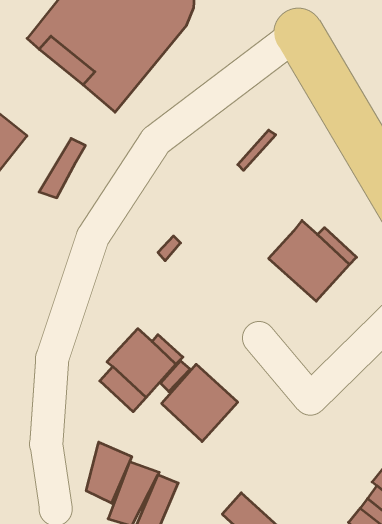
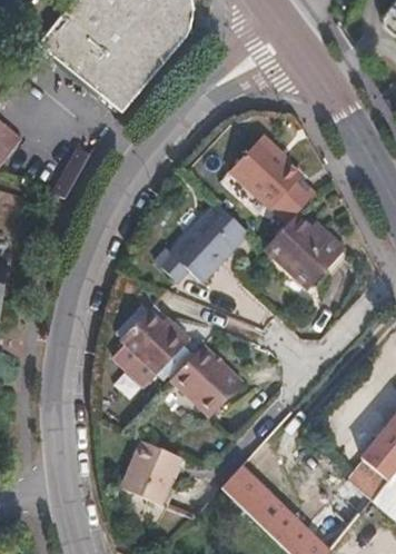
building: none -> [238,140,317,222]
building: none -> [159,204,249,284]
building: [86,442,132,503] -> none

